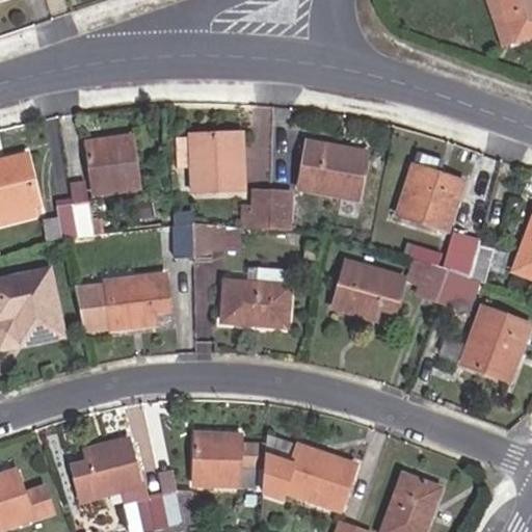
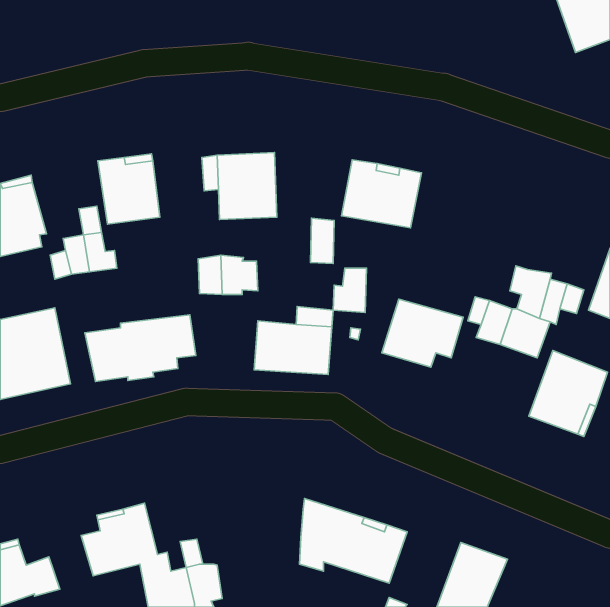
building: [397,163,463,230] -> none
building: [242,190,271,229] -> [333,268,366,312]
building: [193,431,264,485] -> none

